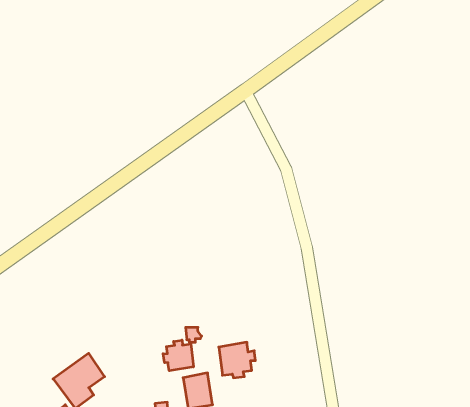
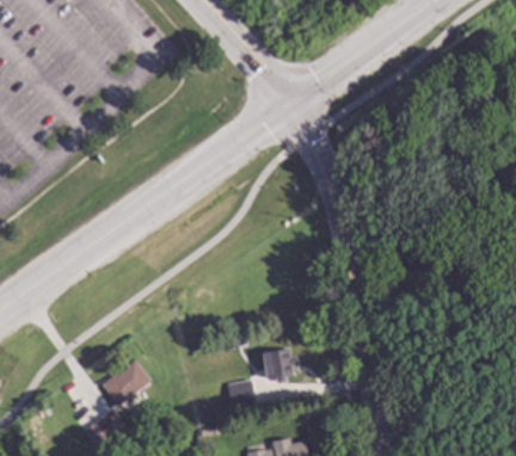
building: [163,340,193,371] -> none

